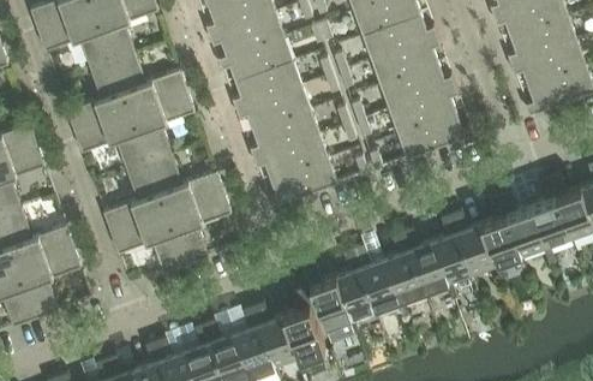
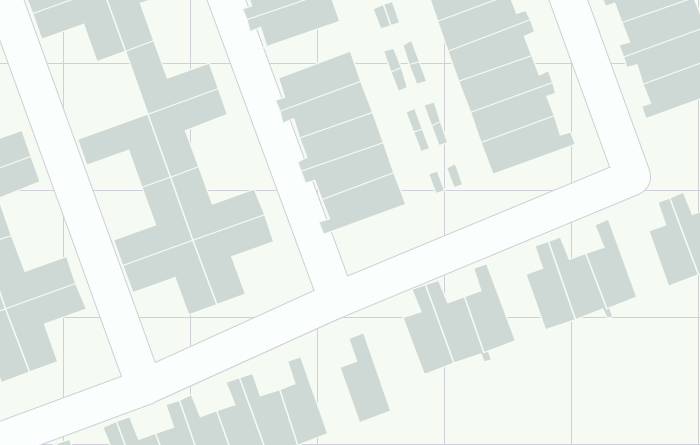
building: [218,37,293,83] -> none
building: [67,61,131,132] -> none
building: [499,192,552,258] -> none
building: [402,227,454,293] -> none
building: [304,263,357,344] -> none
building: [253,302,305,368] -> none

